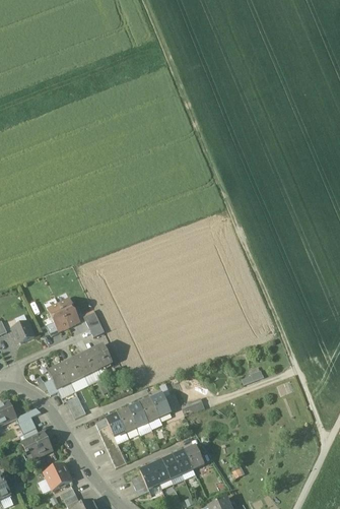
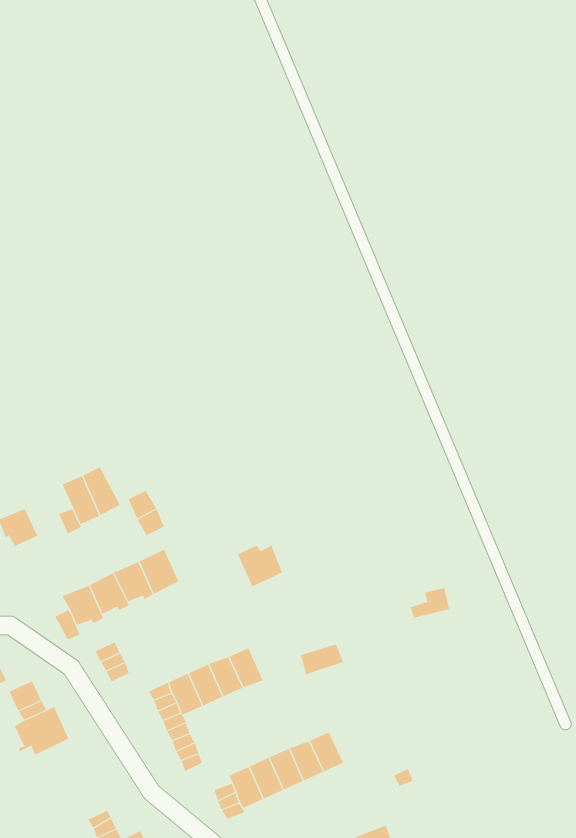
building: [151,393,177,417] -> [237,545,283,587]
building: [43,462,72,491] -> none

